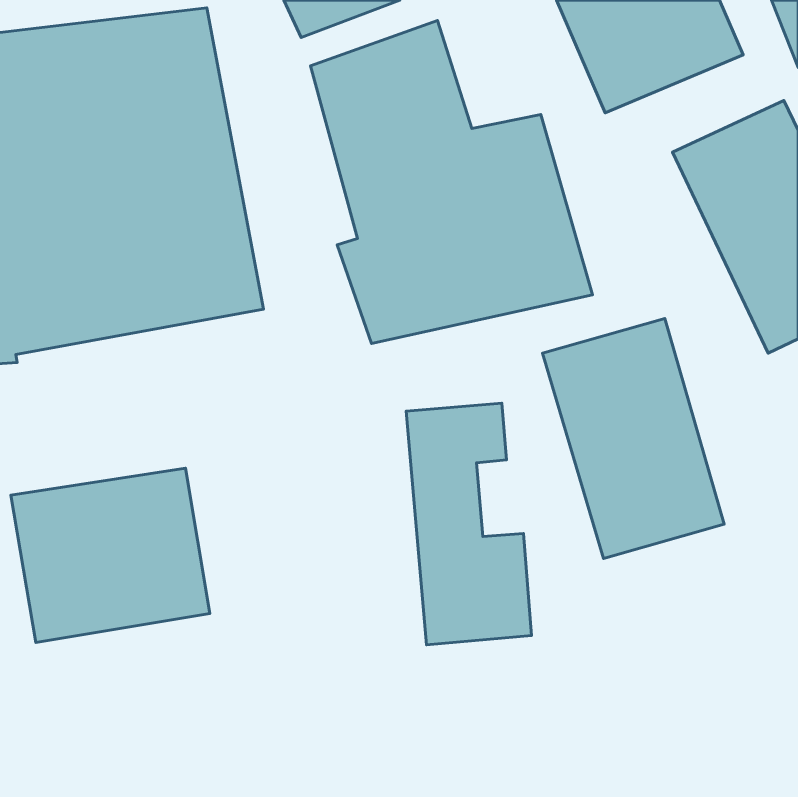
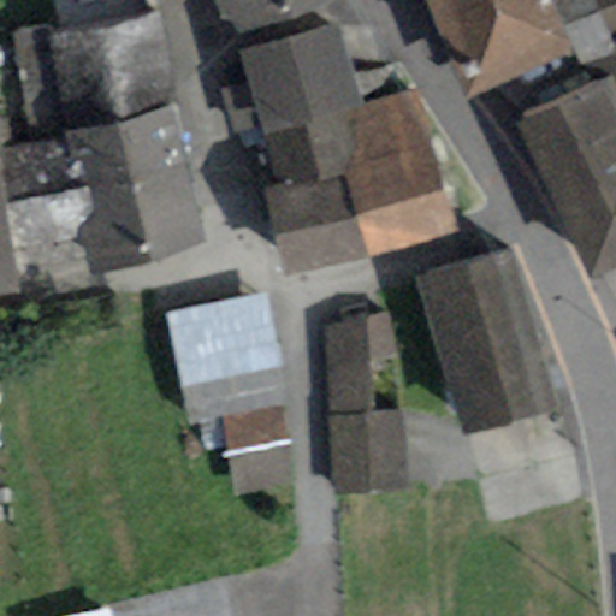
building: none -> [174,294,303,493]
building: [11,468,210,642] -> none

